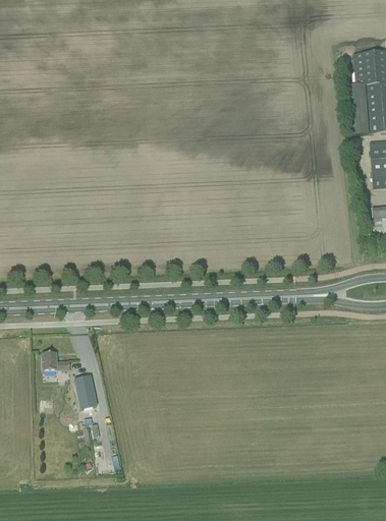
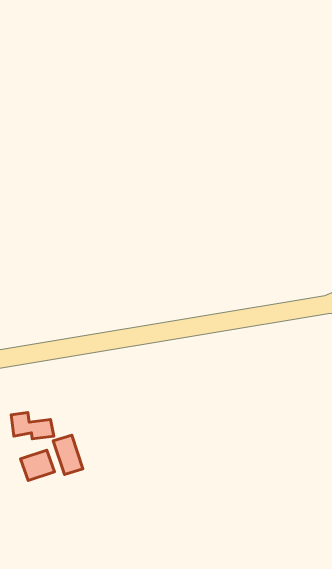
building: none -> [20,450,54,481]

